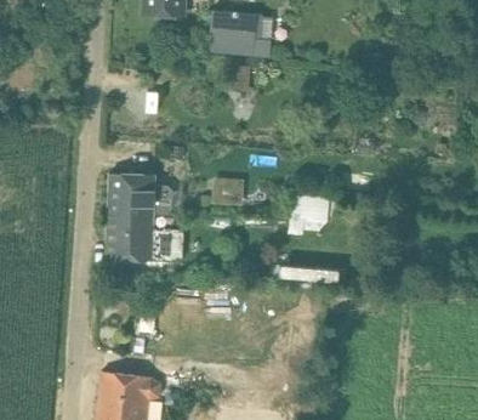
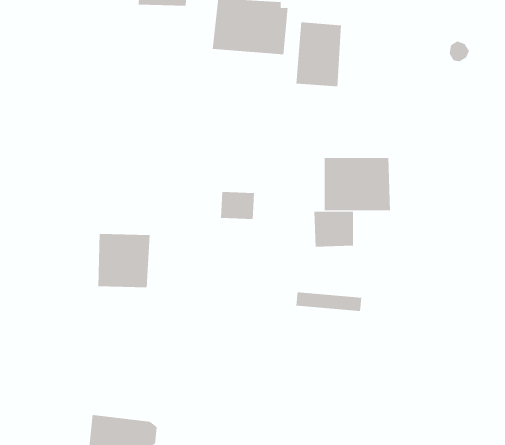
building: none -> [296,22,342,87]
building: none -> [324,157,391,211]
building: [108,174,172,215] -> none

